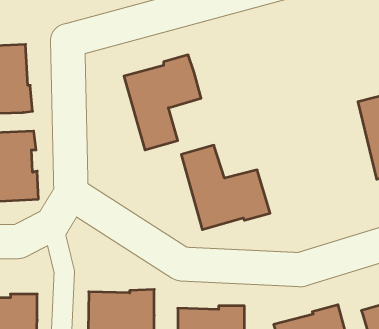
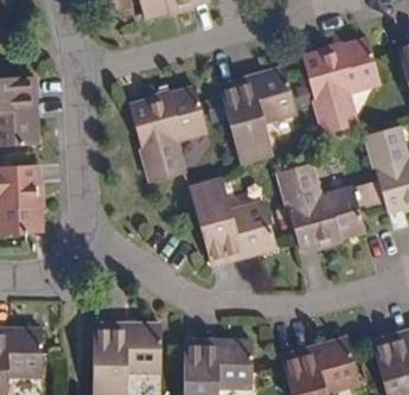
building: none -> [302,39,381,134]
building: none -> [217,68,296,163]
building: none -> [277,163,365,249]

